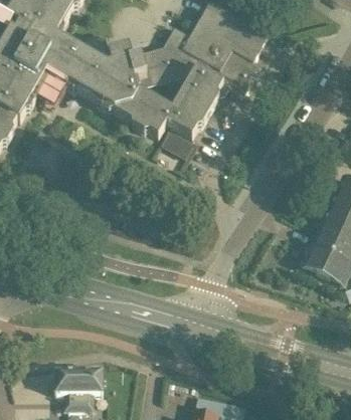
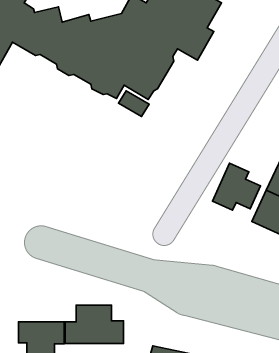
building: none -> [212,163,260,210]
building: none -> [65,305,124,343]

